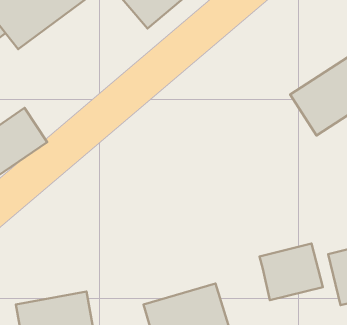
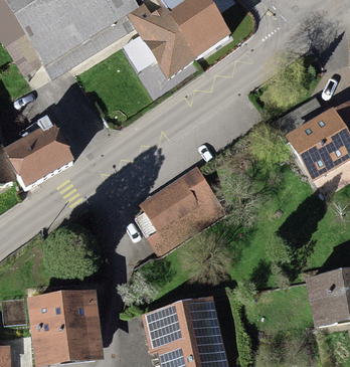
building: none -> [139,170,210,236]
building: [260,243,323,300] -> none

